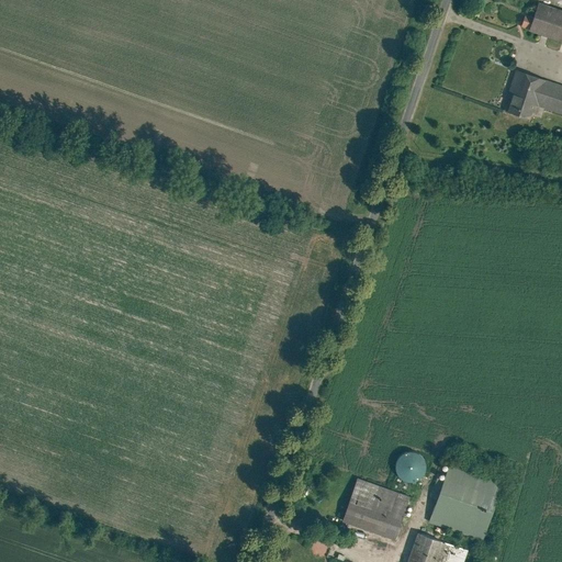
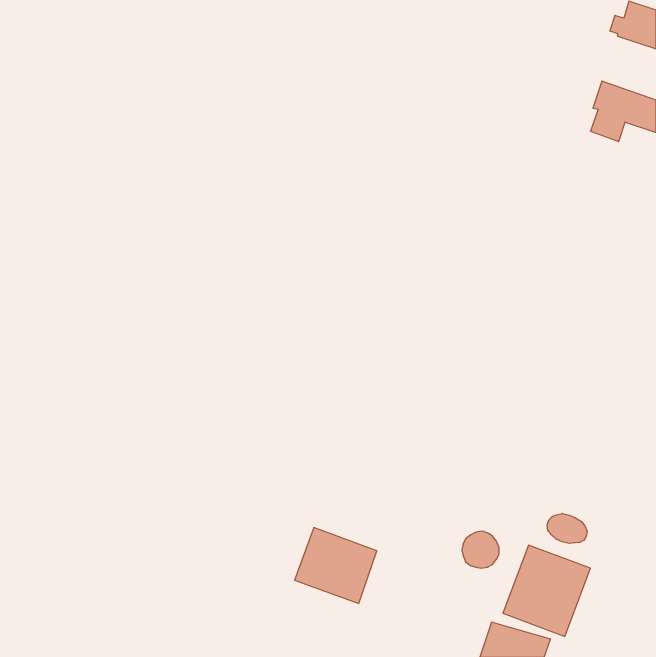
building: none -> [547,513,587,543]
building: [340,479,411,543] -> [295,528,377,603]

